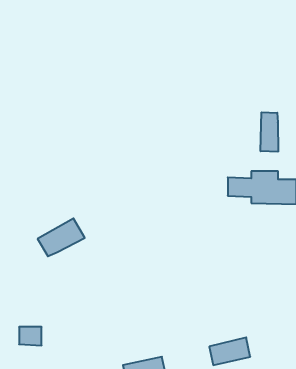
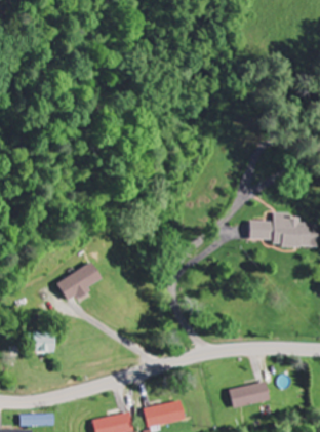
building: [261,112,278,152] -> none
building: [19,327,42,345] -> [32,333,54,352]

